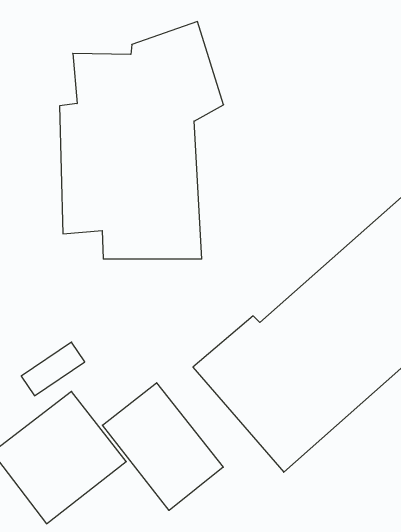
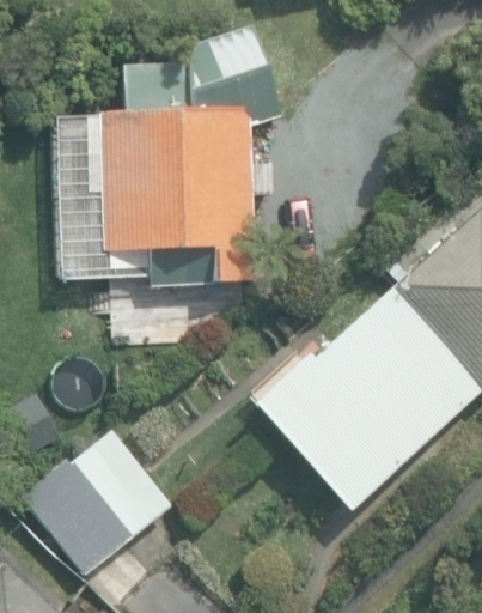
building: [102,383,223,510] -> none

